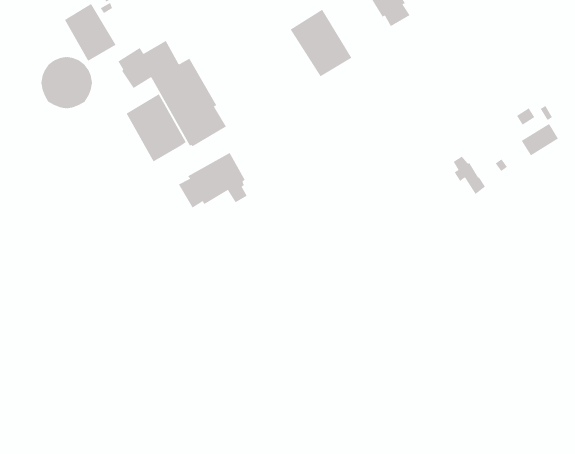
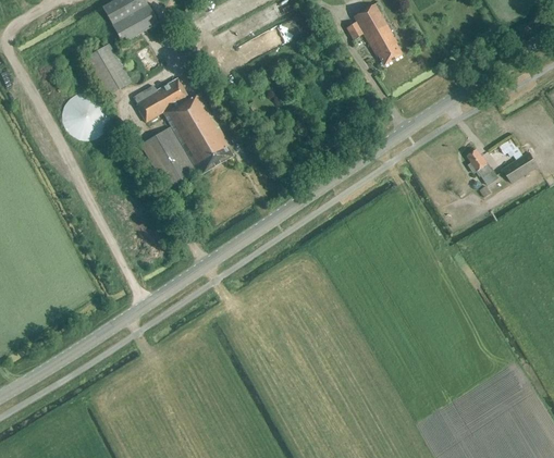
building: [290,9,352,77] -> none
building: [178,152,247,209] -> none
building: [453,156,486,195] -> [467,149,497,185]

